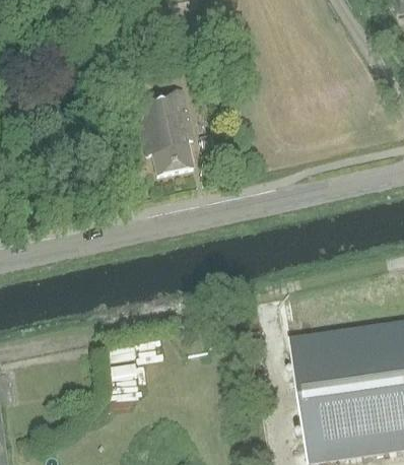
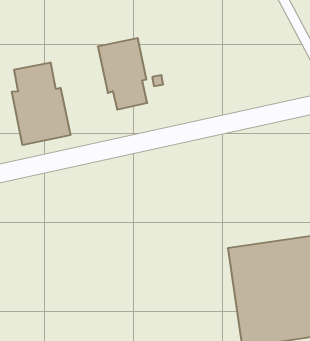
building: none -> [12,62,71,145]

